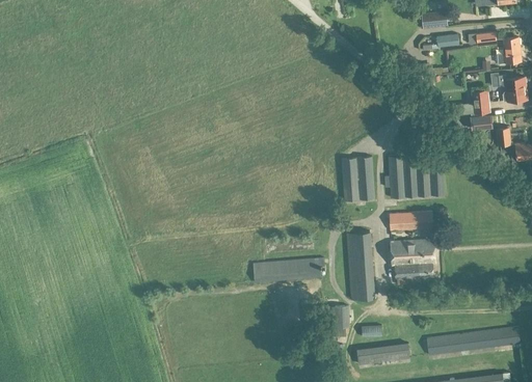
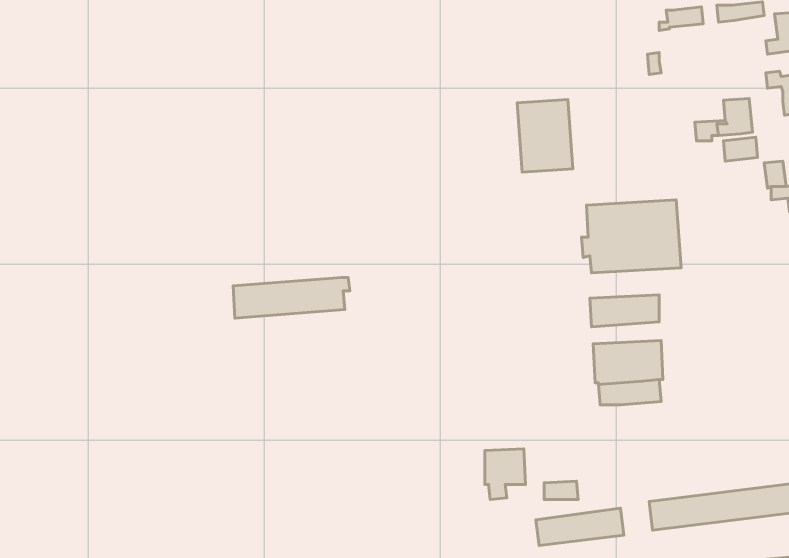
building: [341,157,375,201] -> [517,99,573,172]
building: [348,230,372,297] -> none
building: [254,258,325,283] -> [233,277,350,318]

